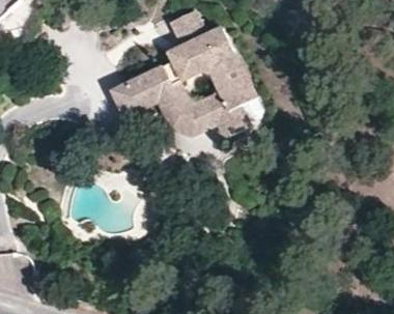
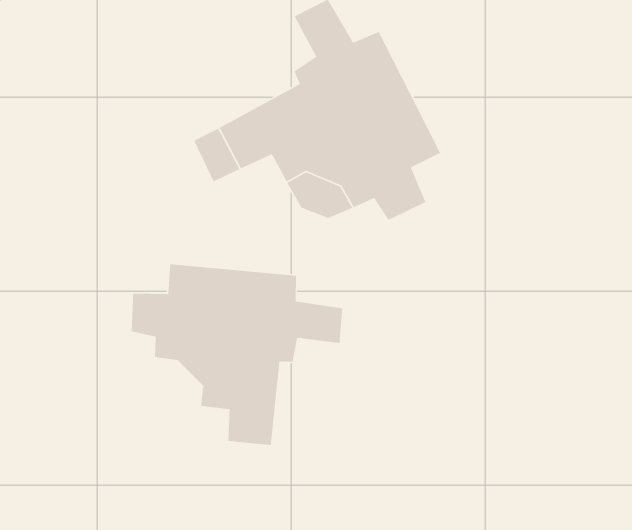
building: none -> [131,264,343,446]

